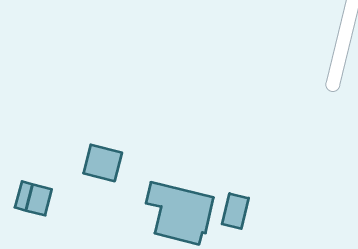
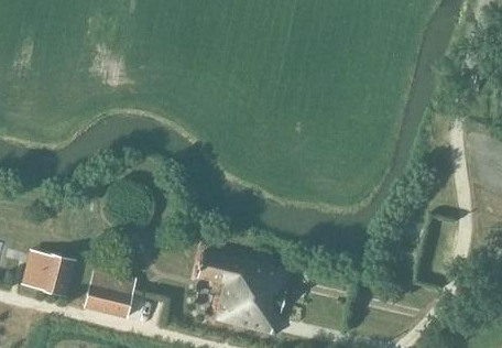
building: [83,145,122,181] -> [83,270,135,319]
building: [222,193,249,229] -> none

